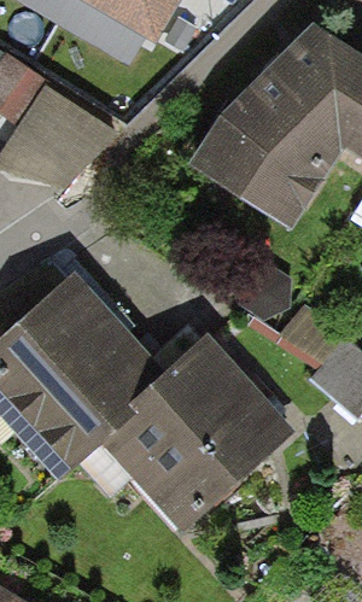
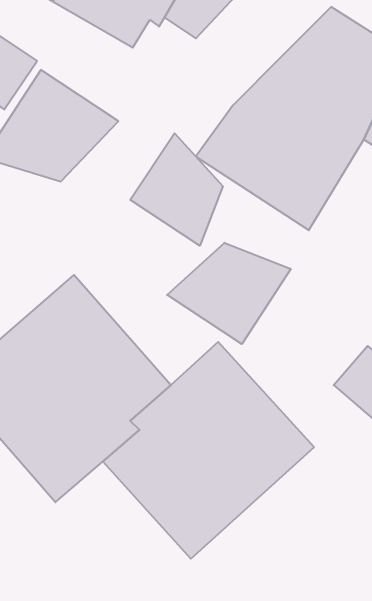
building: none -> [130,133,223,246]
building: none -> [167,243,291,344]

